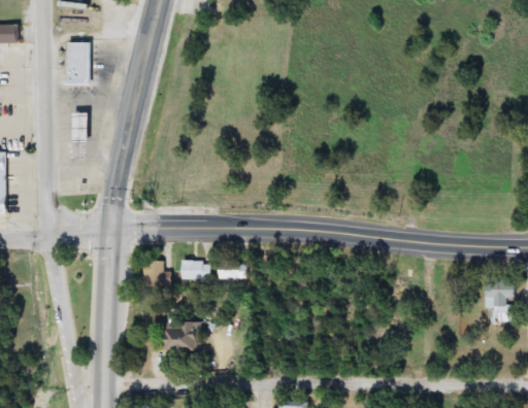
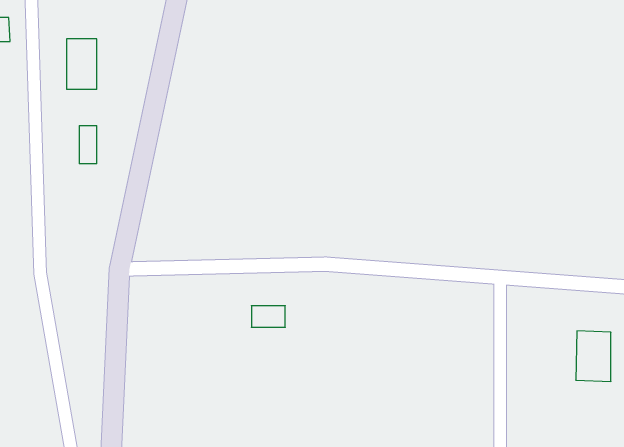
building: [180,261,208,278] -> none
building: [142,266,169,286] -> none
building: [165,321,198,351] -> none

